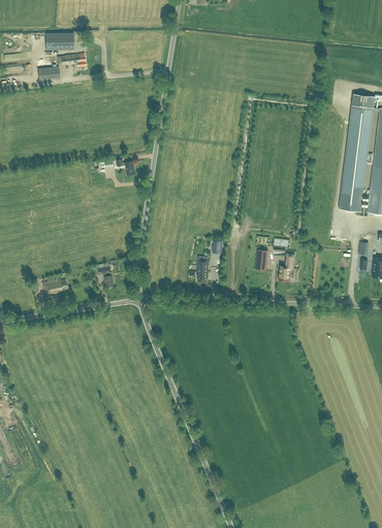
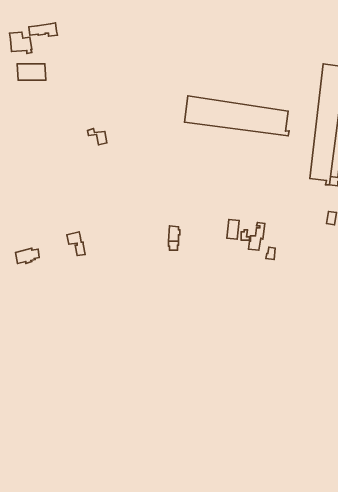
building: [45,33,74,50] -> [17,64,46,80]
building: none -> [185,96,289,136]

